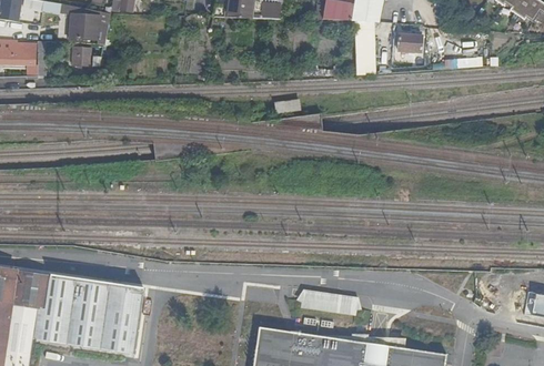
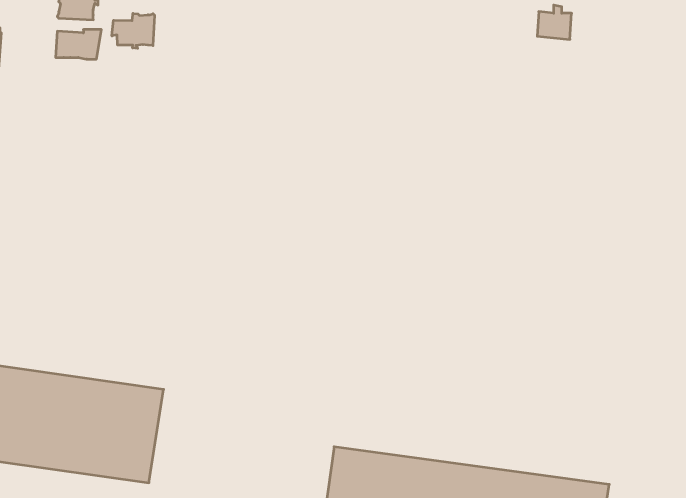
building: none -> [112,13,155,48]

